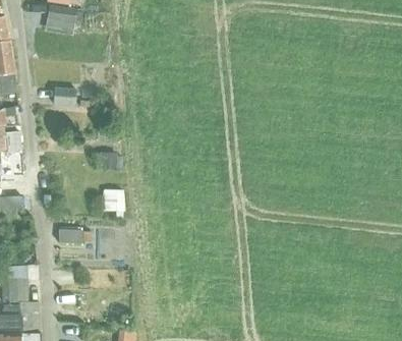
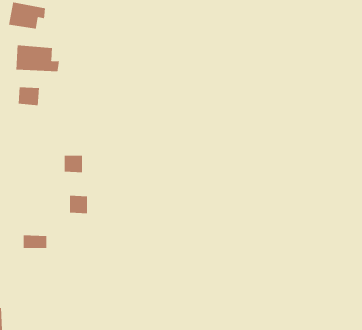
building: none -> [16,44,60,72]

